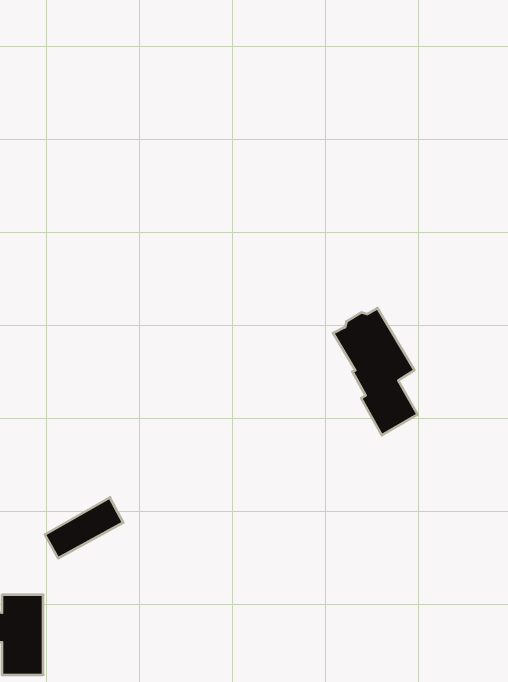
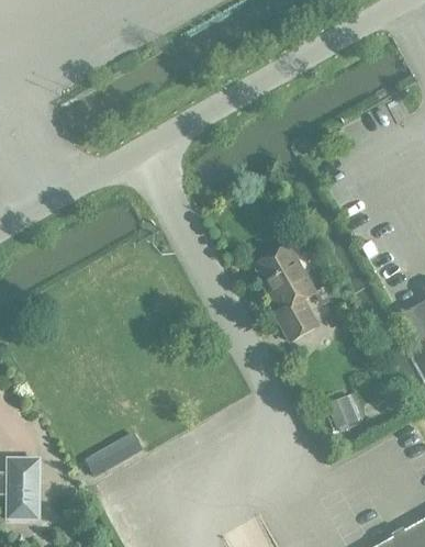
building: [45,497,123,558] -> [86,431,144,476]
building: none -> [326,397,357,428]

